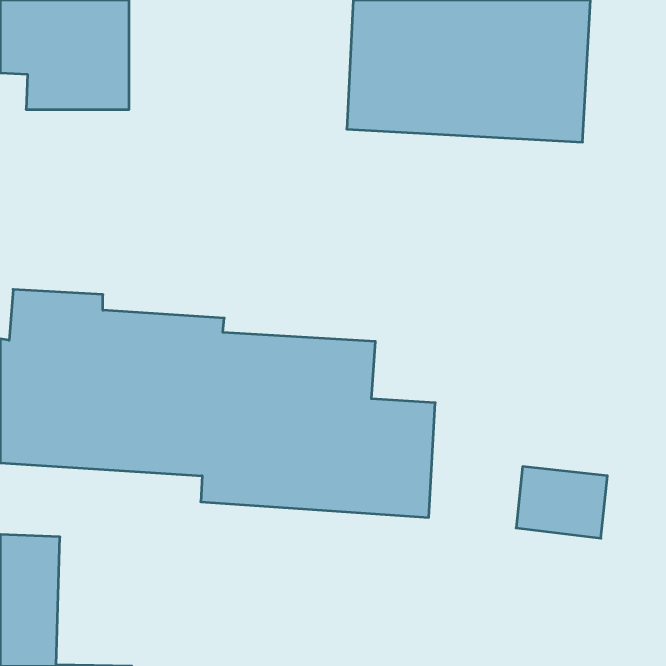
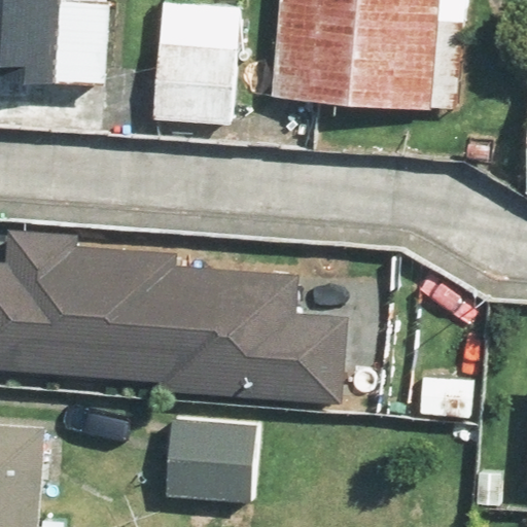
building: none -> [150,30,236,130]
building: none -> [168,416,255,508]

